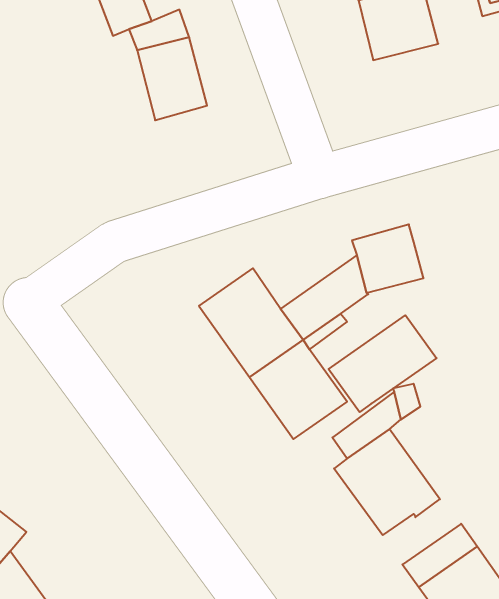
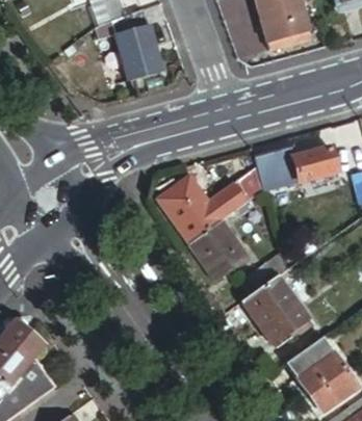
building: none -> [293,147,338,180]
building: [329,315,437,412] -> none

